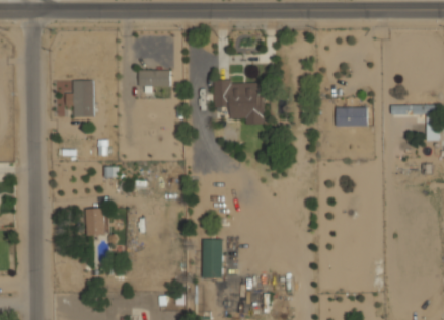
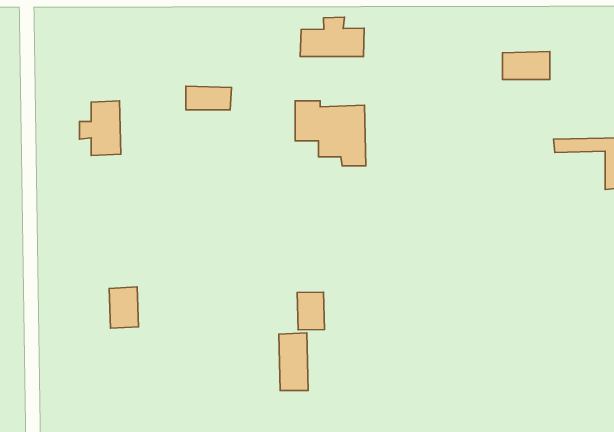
building: none -> [300,17,364,57]
building: [336,106,368,126] -> [503,51,550,79]
building: none -> [297,292,325,330]

